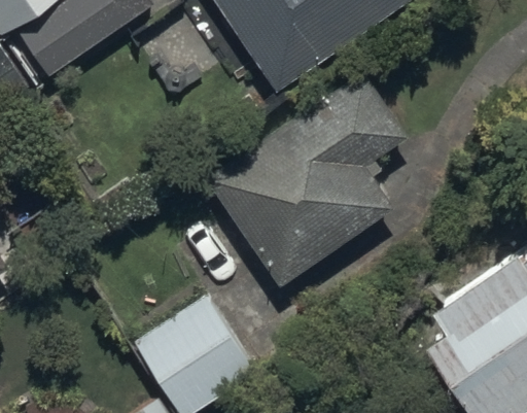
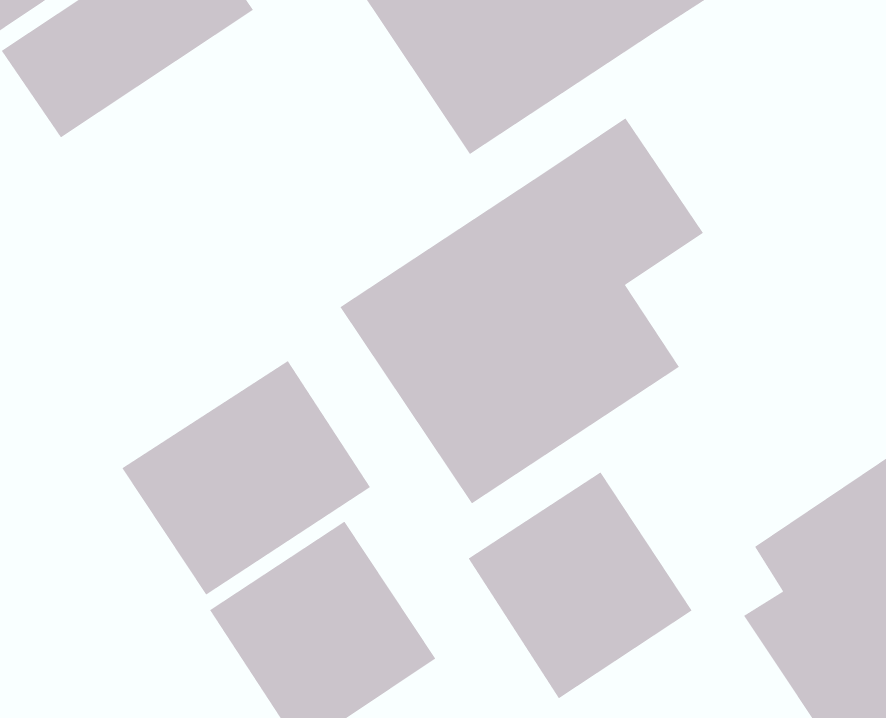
building: none -> [121,360,371,596]
building: none -> [468,472,692,699]

